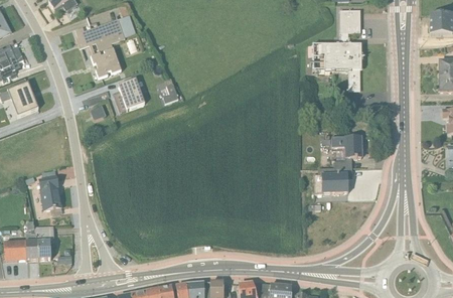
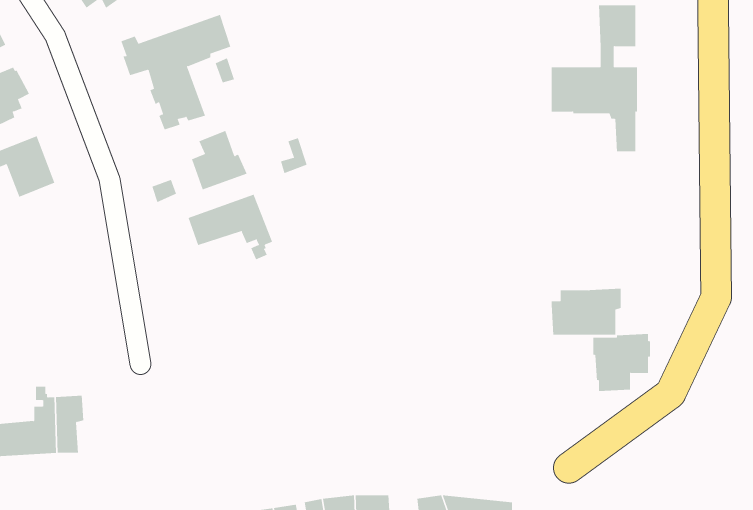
building: none -> [188,194,273,260]
building: [331,135,363,167] -> [593,333,651,392]
building: [36,170,62,214] -> none

